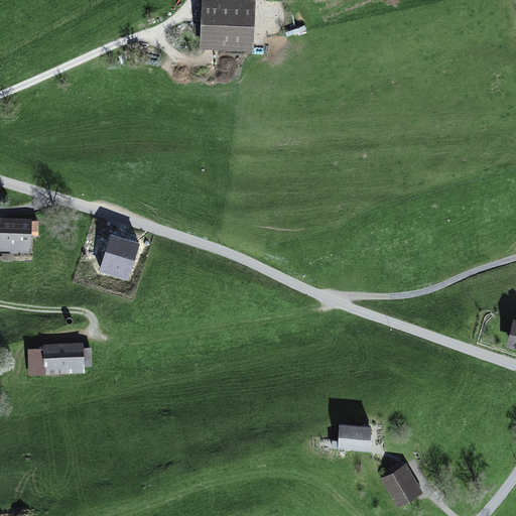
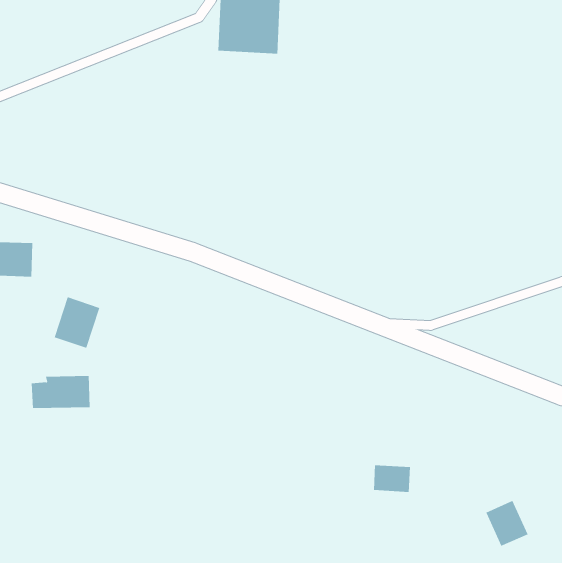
building: [98,233,140,280] -> [54,297,100,349]
building: [383,468,422,510] -> [485,500,528,547]

